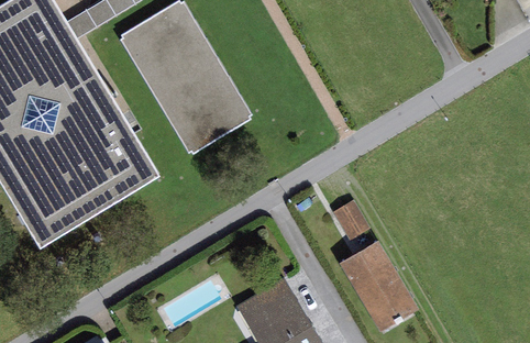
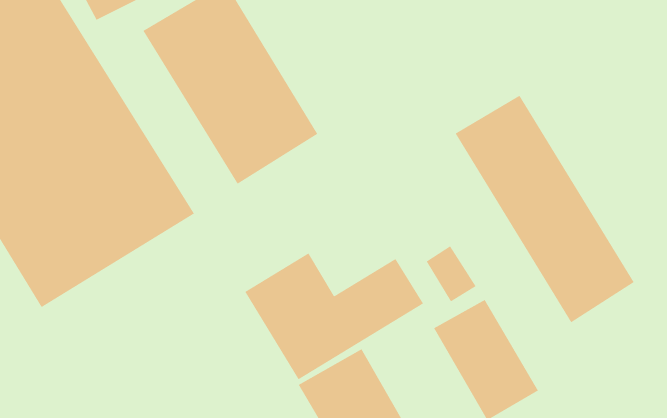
building: none -> [455,95,635,323]
building: none -> [245,252,424,380]

